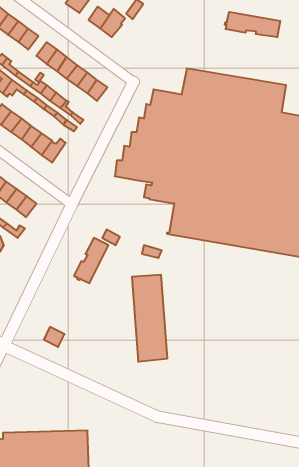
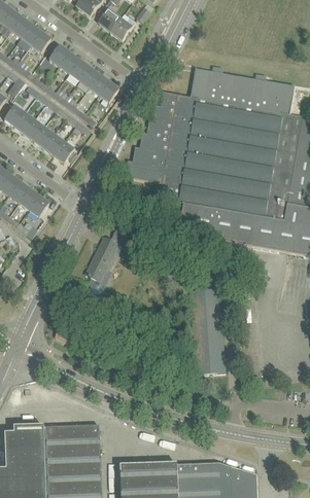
building: [225,12,280,37] -> none
building: [132,275,167,362] -> [190,287,225,372]

